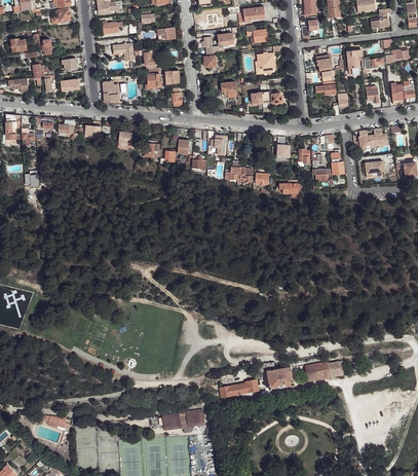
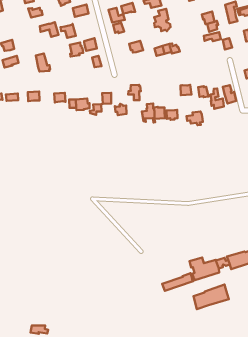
building: none -> [193,284,229,309]
building: [162,409,204,430] -> none

